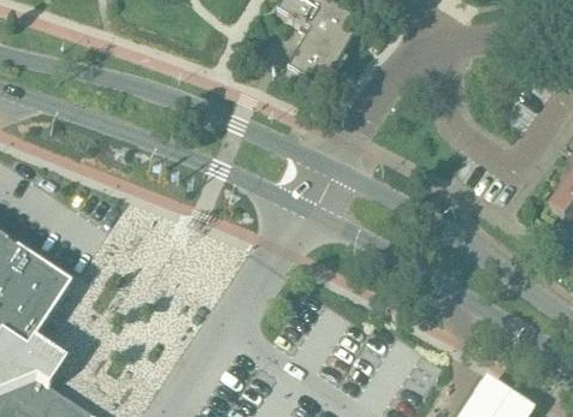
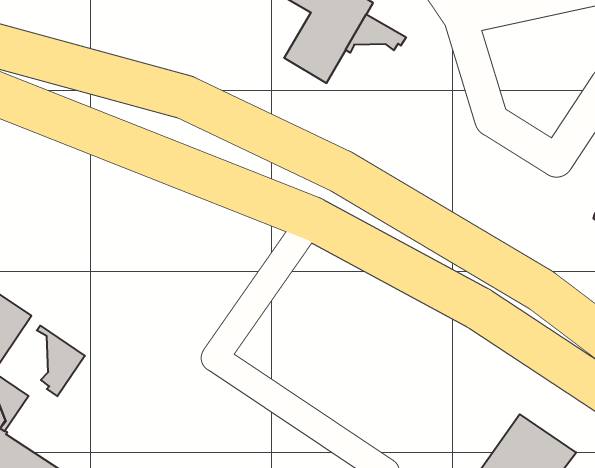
building: none -> [346,14,406,53]
building: none -> [37,326,85,396]

